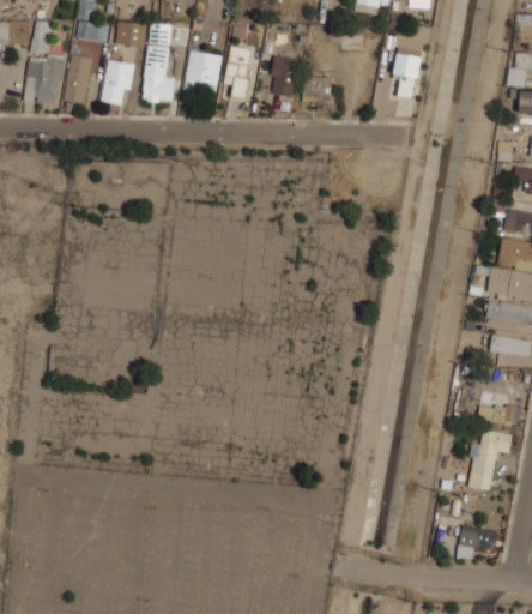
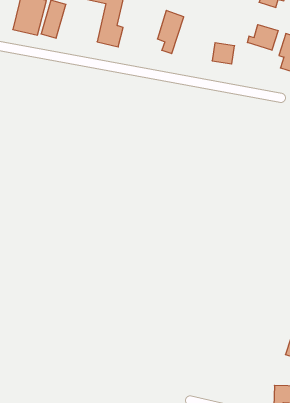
building: none -> [247,25,278,50]
building: [183,49,223,96] -> none
building: [268,54,297,96] -> none
building: [102,59,134,106] -> none

